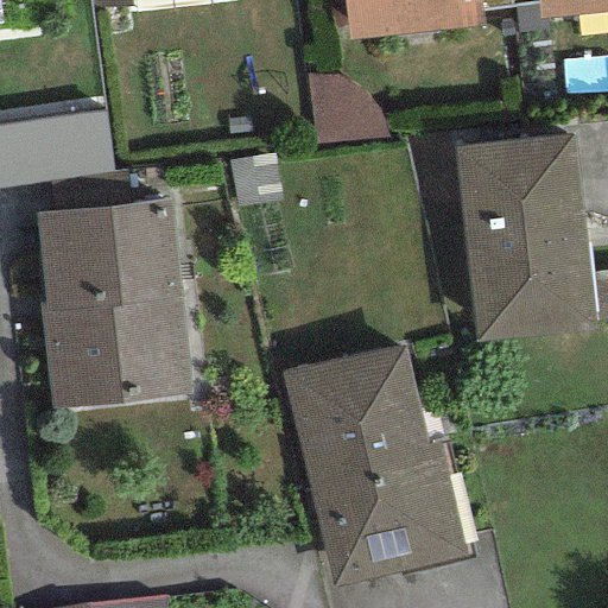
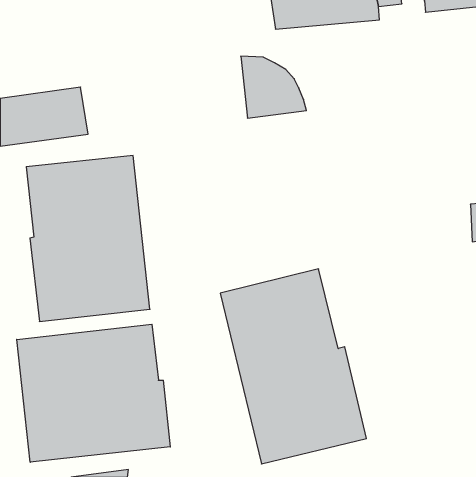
building: [456,133,597,341] -> none
building: none -> [17,324,170,462]

